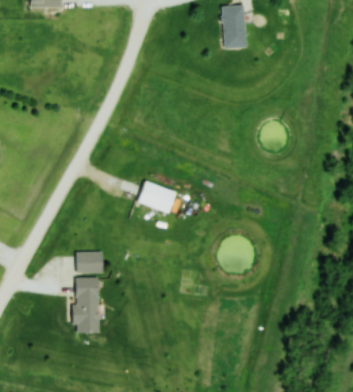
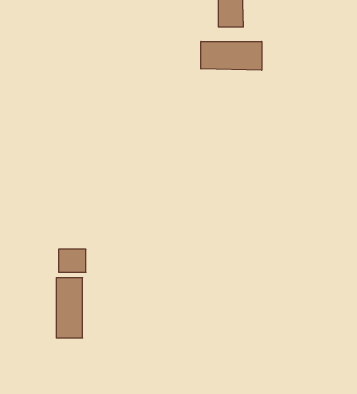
building: none -> [201,41,262,70]
building: [137,181,177,215] -> none

